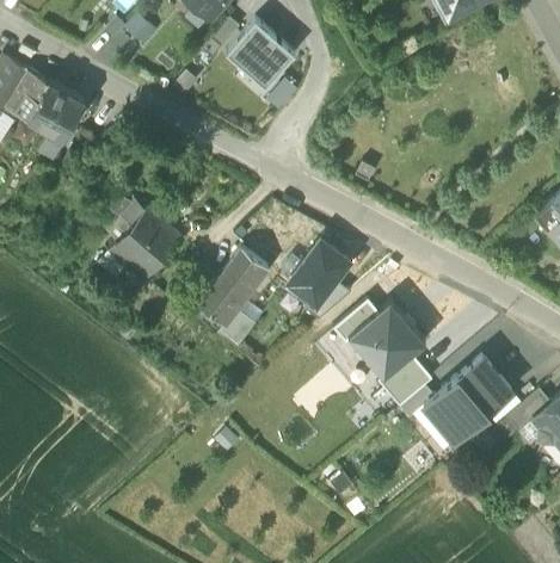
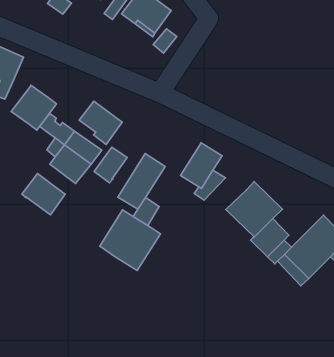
building: none -> [11,85,57,130]
building: none -> [79,101,122,144]
building: none -> [94,147,127,183]
building: none -> [22,173,65,215]
building: [333,298,379,342] -> none
building: none -> [100,210,160,271]

